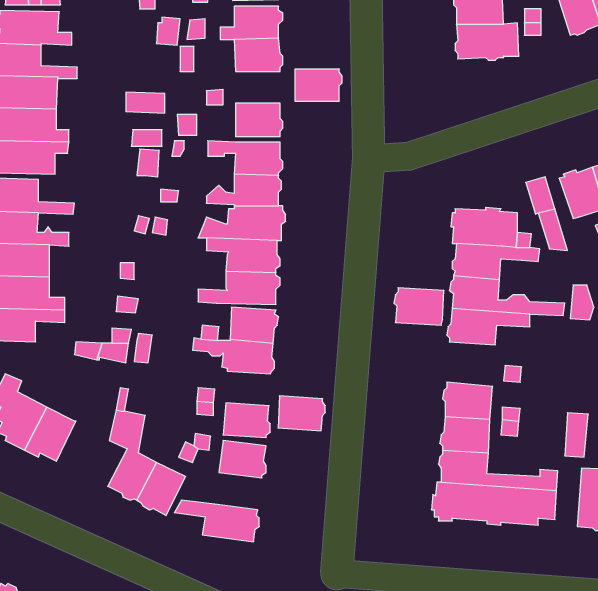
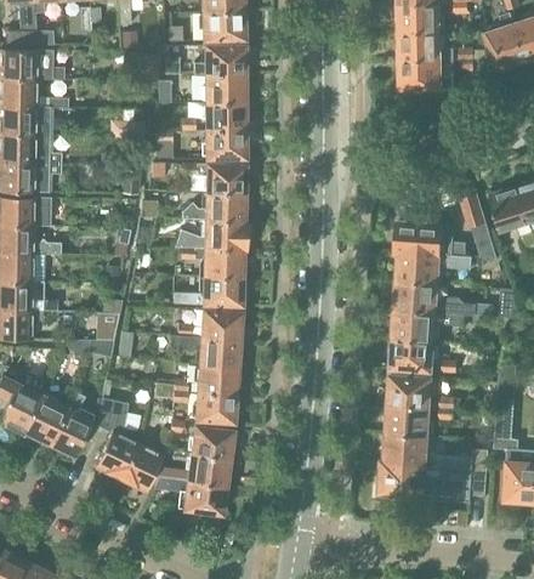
building: [295,69,342,101] -> [206,102,248,130]
building: [394,288,444,325] -> [390,339,433,371]
building: [278,396,325,431] -> [198,364,239,394]
building: none -> [50,393,93,456]
building: none -> [188,453,232,486]

